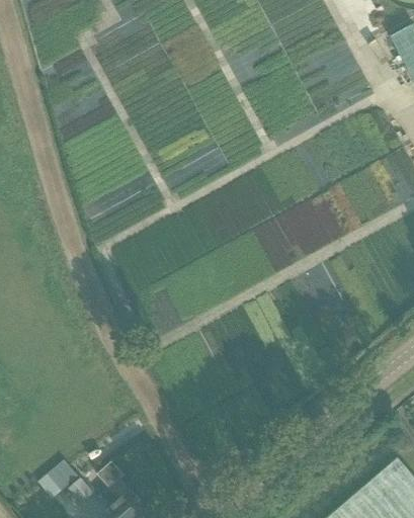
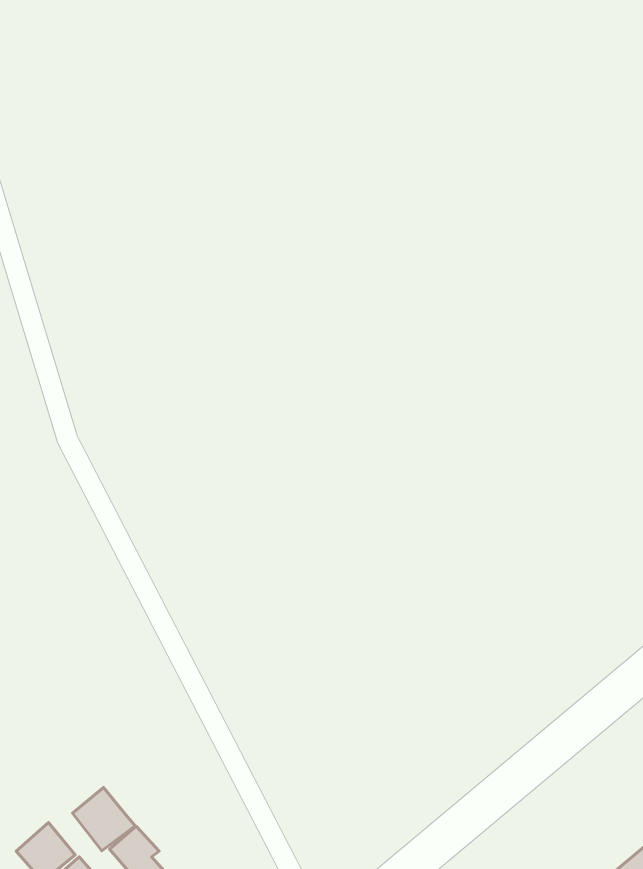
building: none -> [72,788,135,851]

